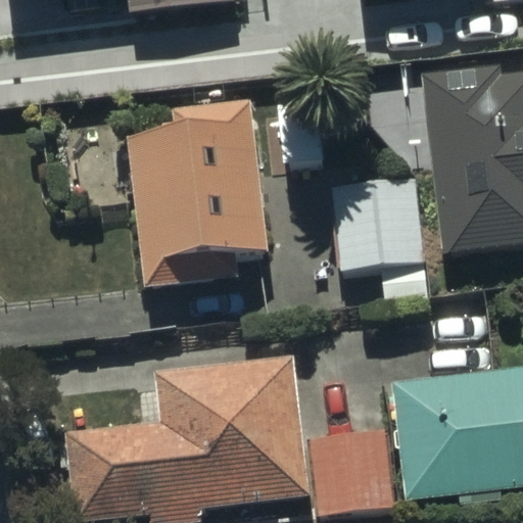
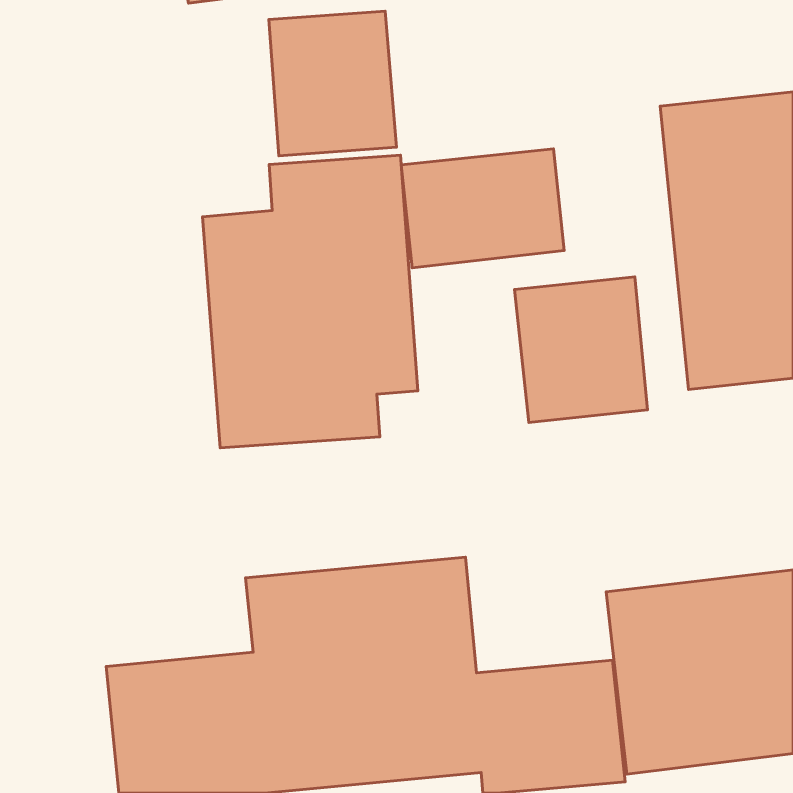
building: none -> [269,11,396,156]
building: none -> [401,149,564,268]

